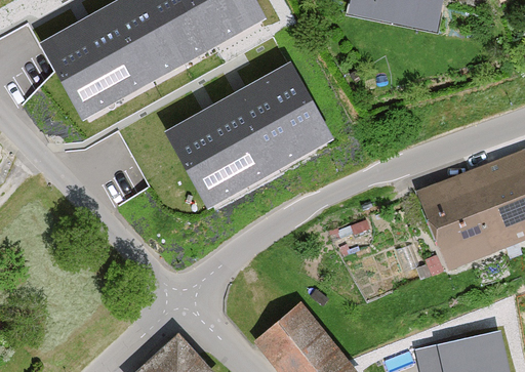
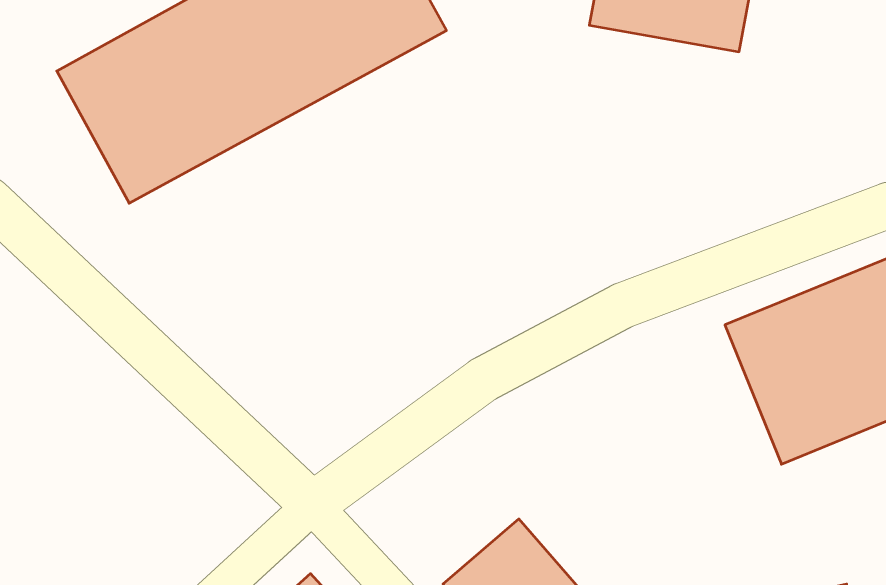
building: [162,60,331,206] -> none

